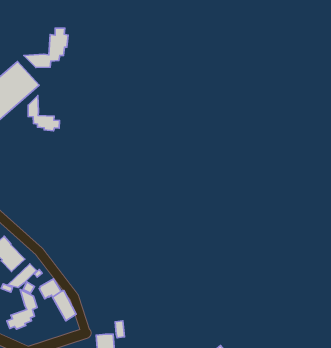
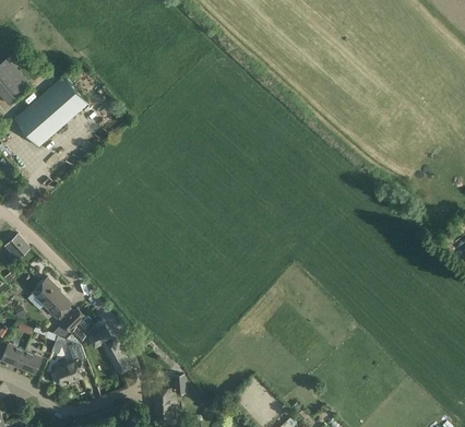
building: [24,28,68,68] -> none
building: [28,96,59,131] -> none

